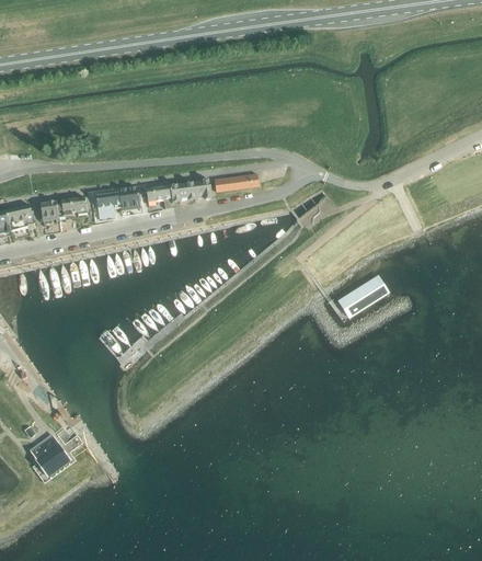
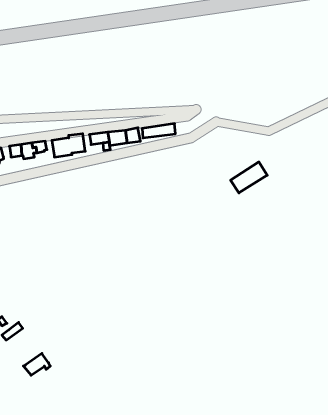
building: [338,276,387,317] -> [231,162,267,193]
building: [33,443,68,471] -> [23,353,50,375]

